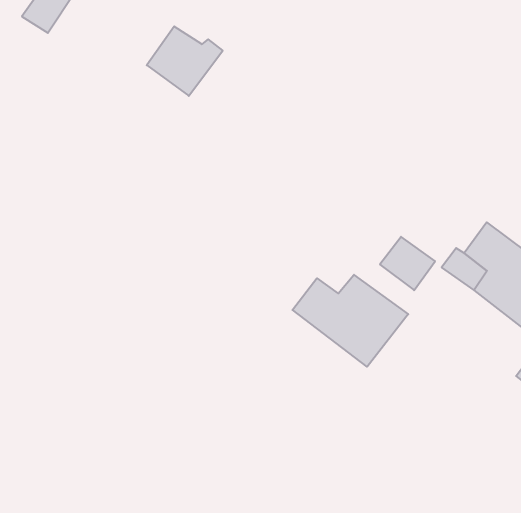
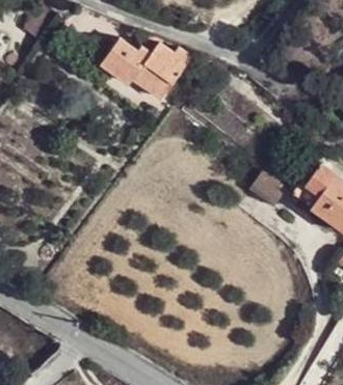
building: none -> [131,43,190,99]
building: [292,275,408,367] -> none

